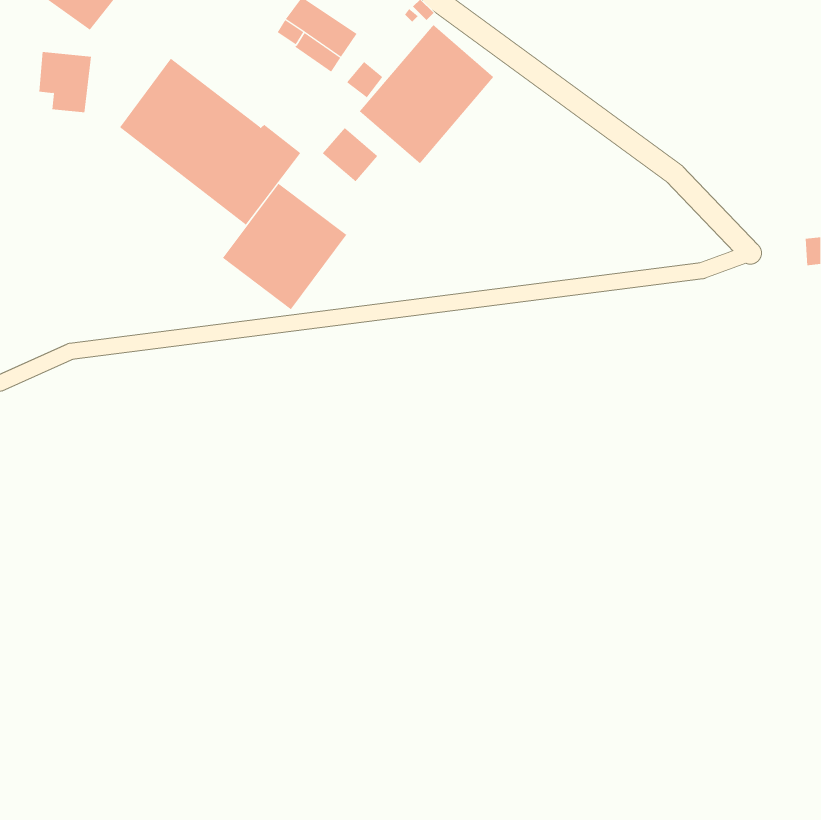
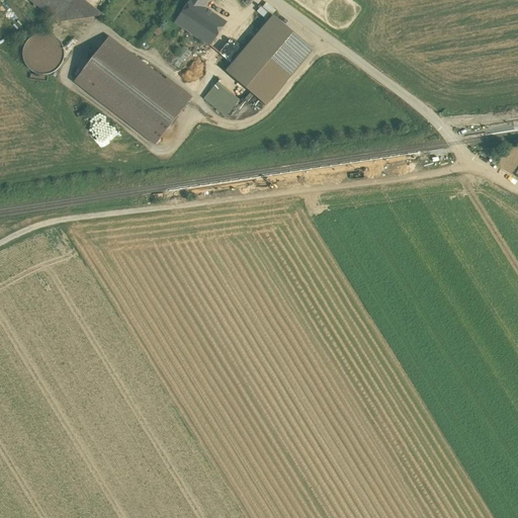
building: [222,183,347,310] -> none

